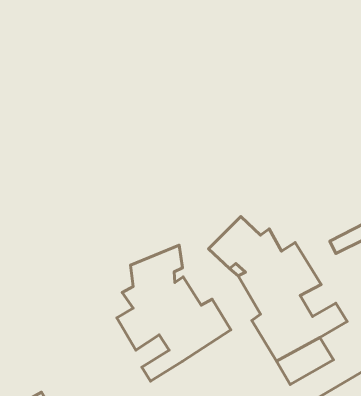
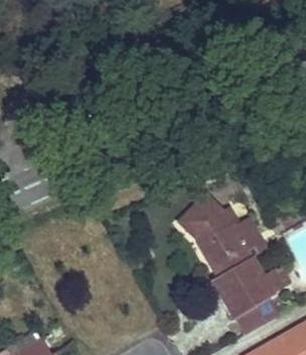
building: [117,245,231,381] -> none

